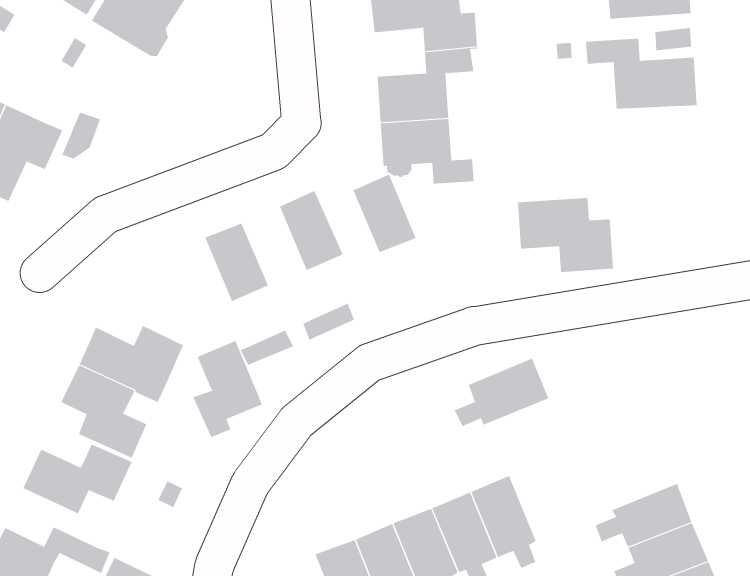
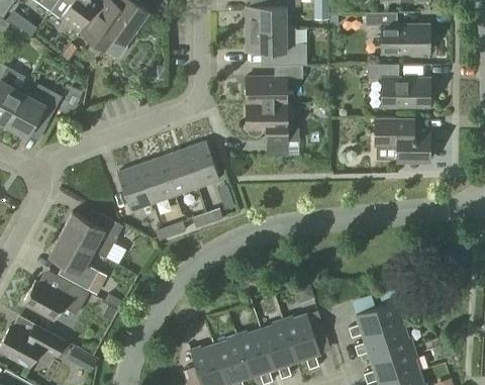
building: [352,174,417,253] -> [162,150,197,195]
building: [517,198,614,273] -> [376,118,429,161]
building: [193,340,263,438] -> [112,165,153,220]
building: [454,358,549,427] -> [349,301,404,339]

